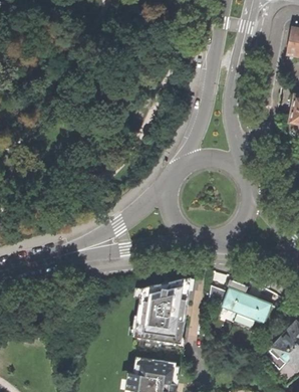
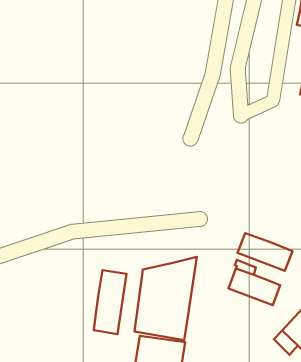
building: none -> [237,233,293,271]
building: none -> [94,270,126,334]

